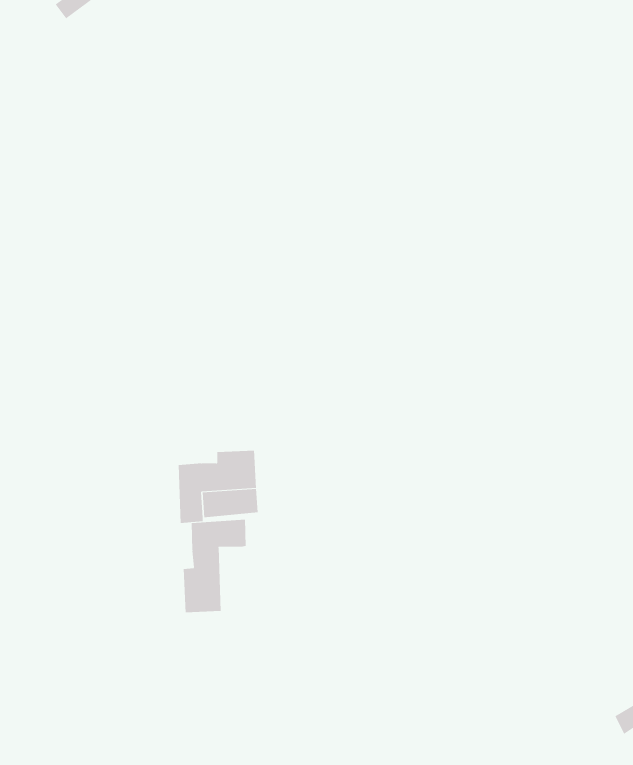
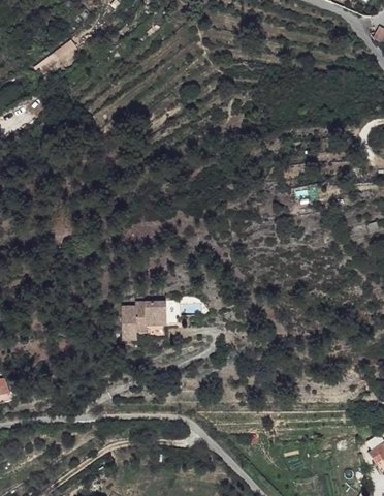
building: [183,519,246,613] -> none

